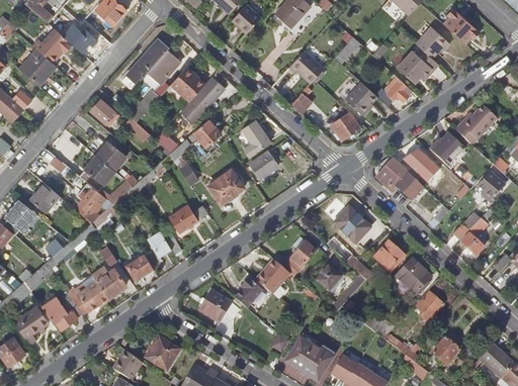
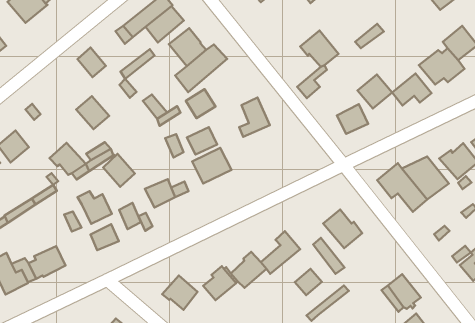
building: [250,152,278,178] -> [187,127,217,155]
building: [85,156,114,185] -> [103,154,135,187]
building: [374,240,405,272] -> none
building: [92,268,125,297] -> [77,191,112,224]

